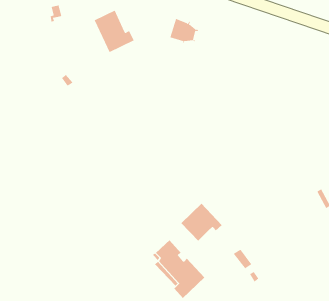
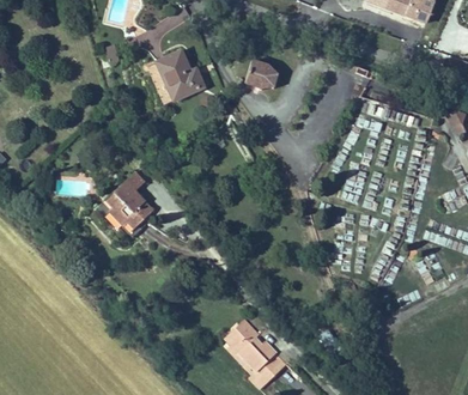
building: none -> [95,170,153,231]
building: [181,203,222,242] -> none

